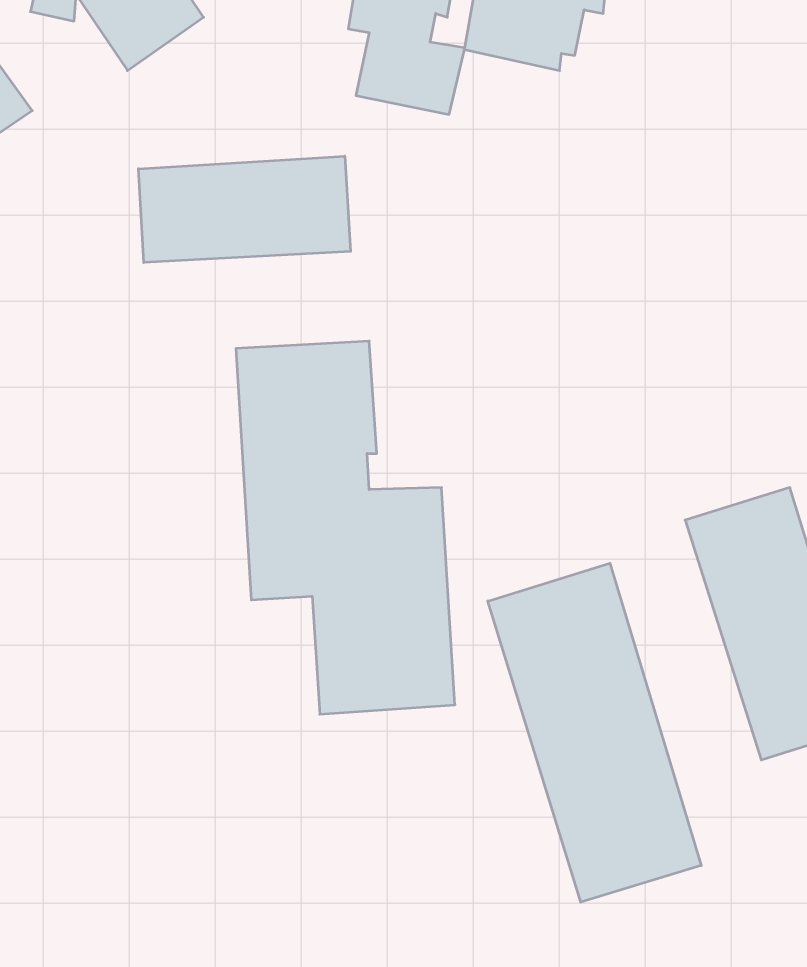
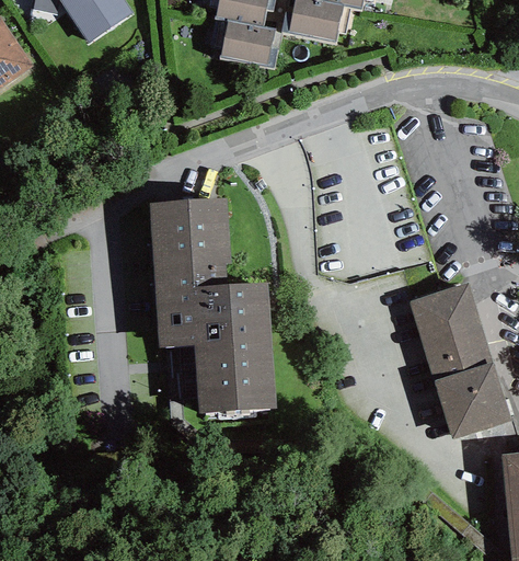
building: [138,156,351,263] -> none
building: [488,563,701,902] -> none

